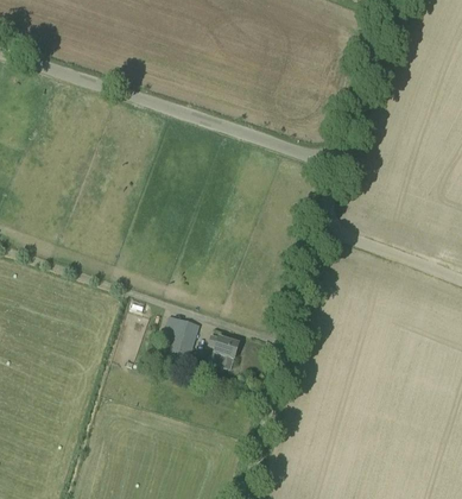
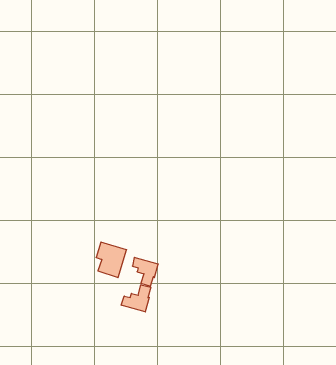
building: none -> [121,285,151,312]

